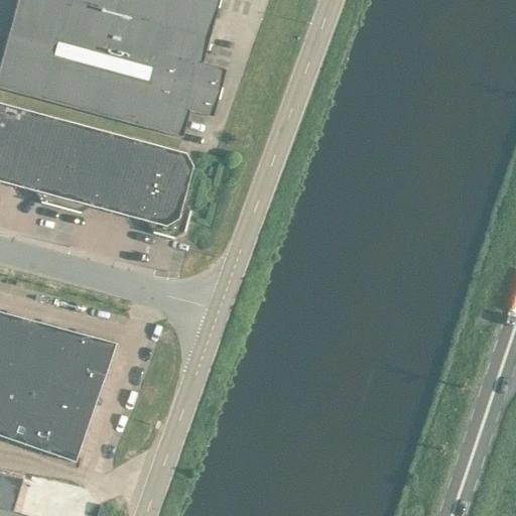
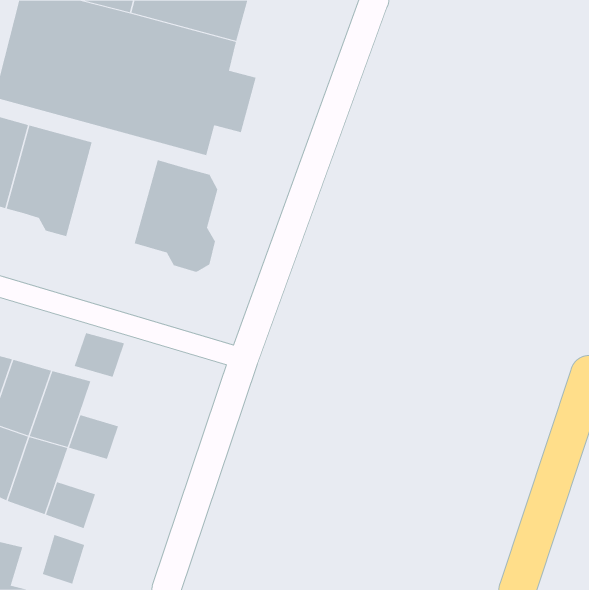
building: [58,124,137,213] -> none
building: [70,333,114,372] -> [74,333,125,378]
building: [49,391,94,431] -> none
building: none -> [42,534,85,585]

